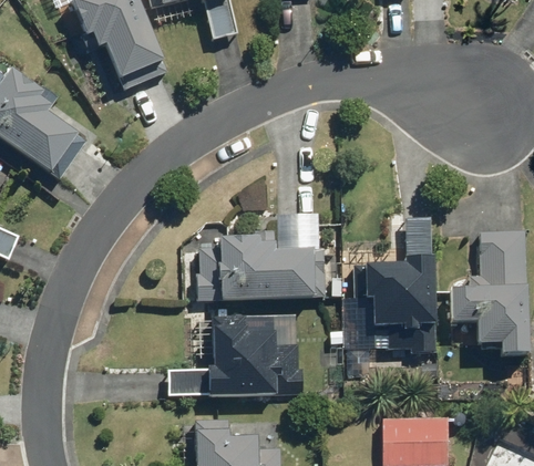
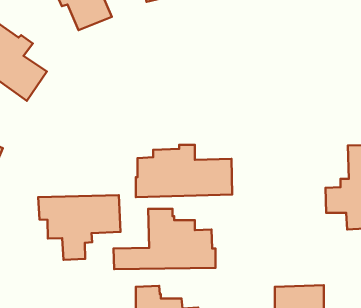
building: [352,216,435,352] -> none
building: none -> [38,195,120,260]

